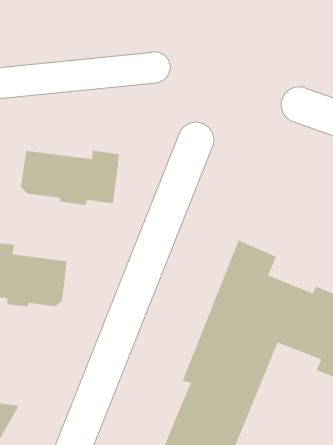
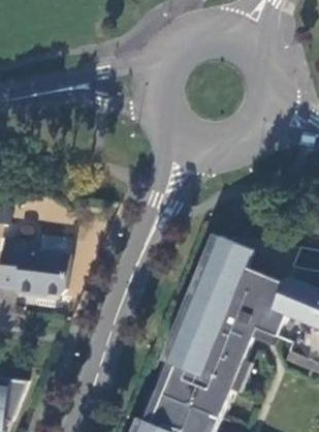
building: [20,150,120,206] -> none

